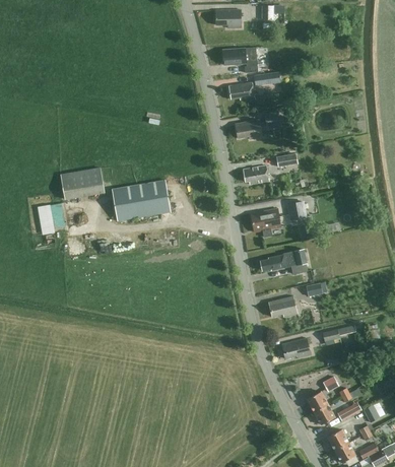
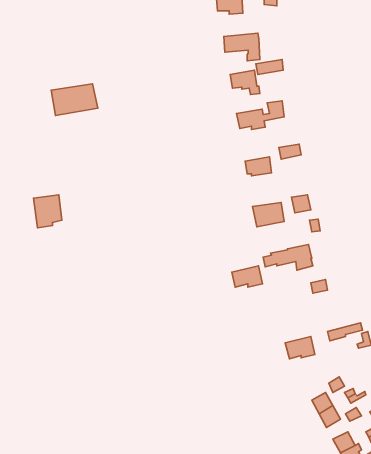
building: [60,168,105,198] -> [51,84,98,115]
building: [112,179,171,220] -> none
building: [268,295,298,316] -> [232,266,263,287]

